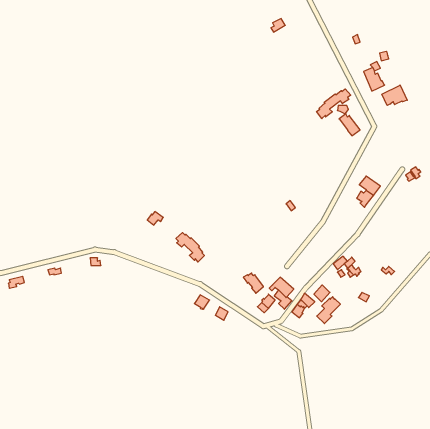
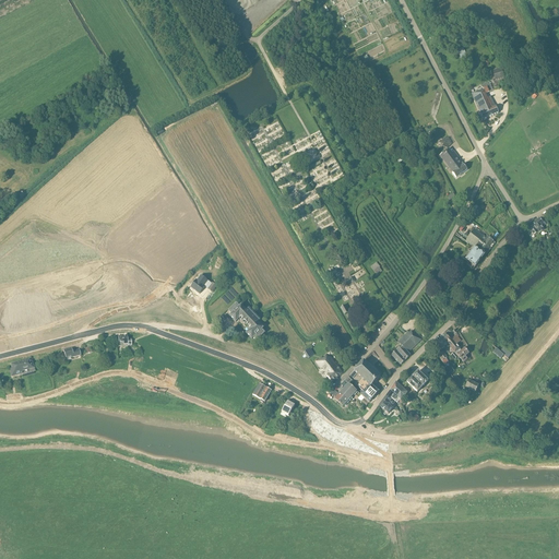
building: [382,85,407,105] -> none
building: [317,89,351,119] -> none
building: [317,297,340,324] -> [391,329,421,364]

